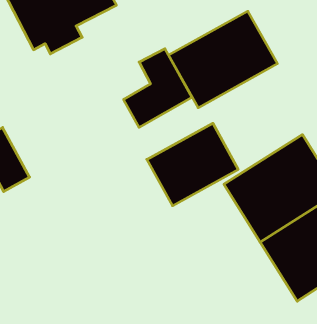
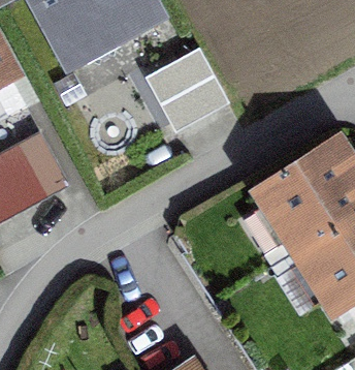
building: [169,11,277,108] -> none
building: [147,123,238,206] -> none

